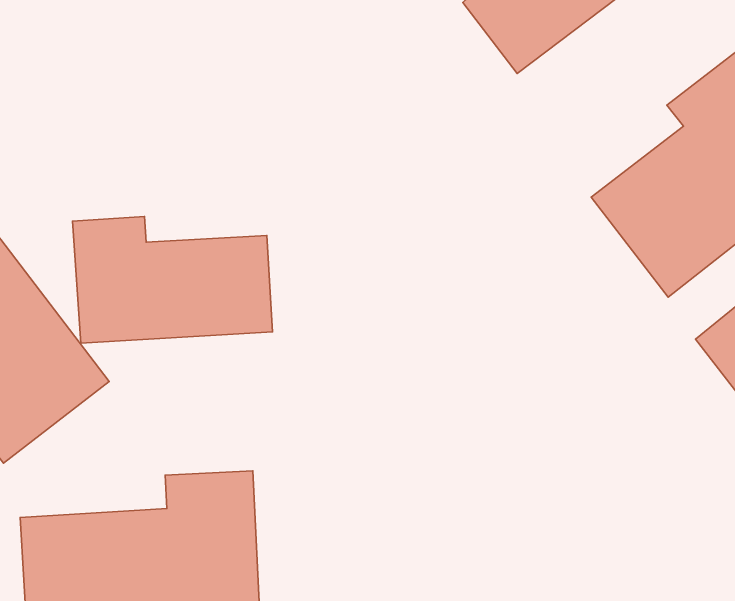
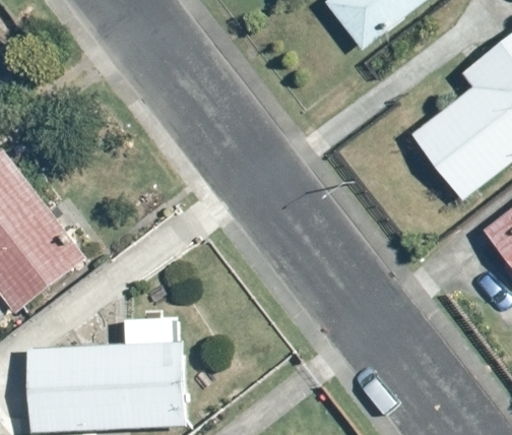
building: [72,216,272,343] -> none

